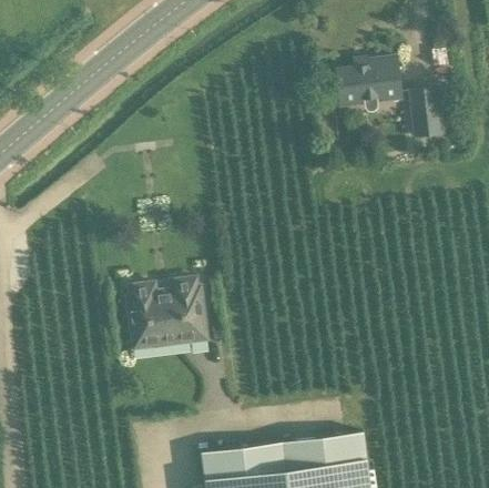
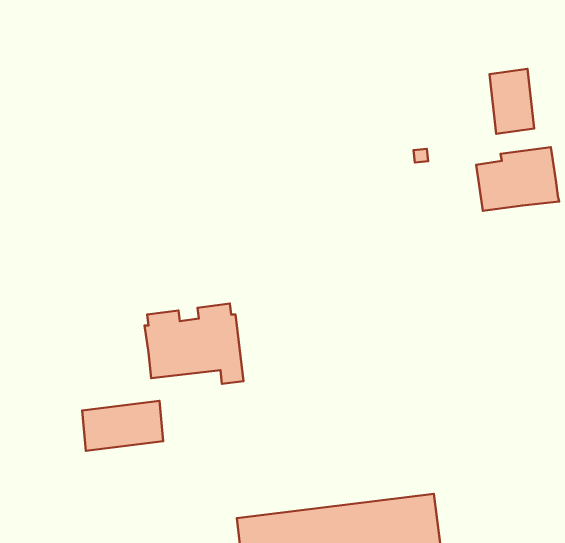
building: [335,57,403,109] -> [476,147,559,211]
building: none -> [82,401,163,451]

